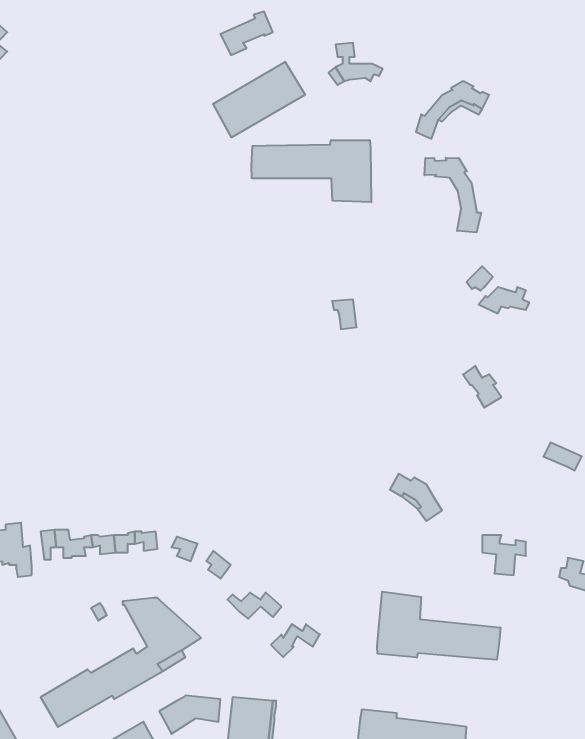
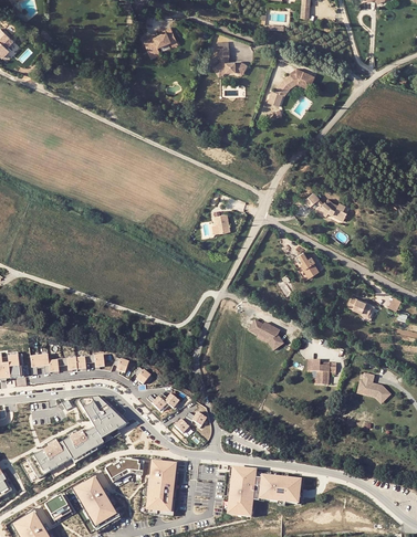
building: [213,62,305,137] -> none
building: [252,140,371,202] -> none
building: [424,158,481,232] -> none
building: [377,592,500,660] -> none

